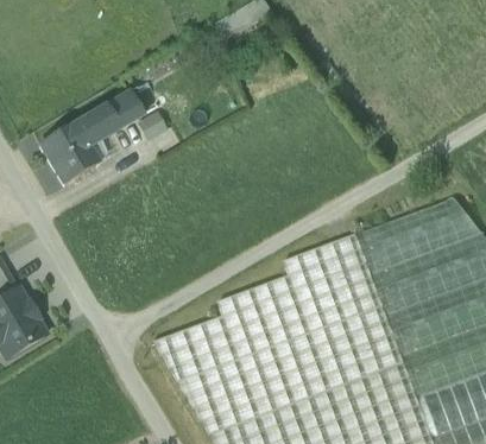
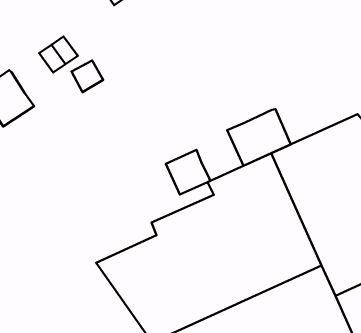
building: [74,104,120,147] -> none
building: none -> [227,109,291,166]
building: none -> [166,150,210,194]

